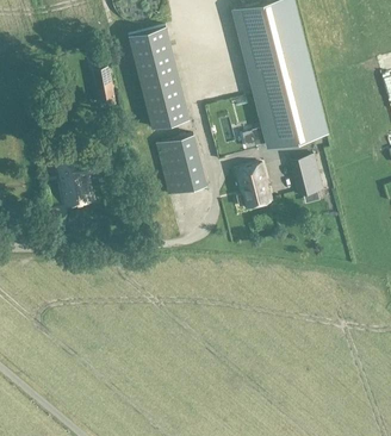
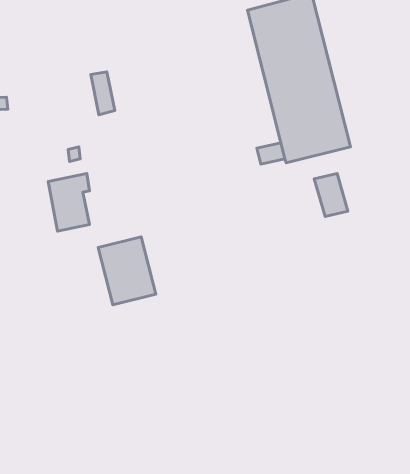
building: [129,27,191,130] -> none
building: [156,136,207,197] -> [98,237,156,305]
building: [236,166,273,210] -> none

